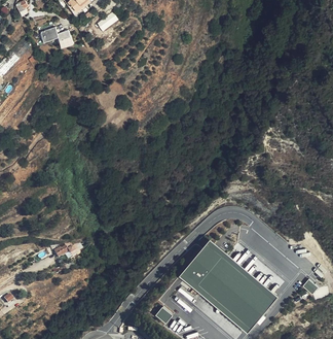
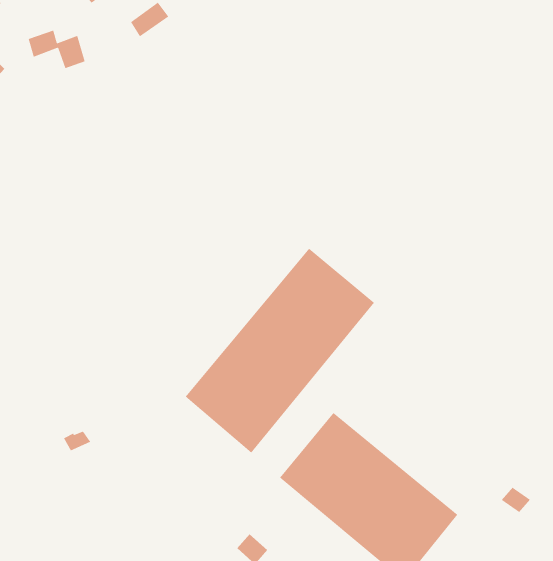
building: none -> [185,248,375,453]

